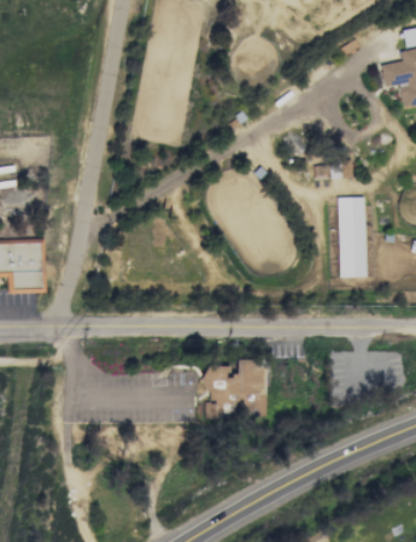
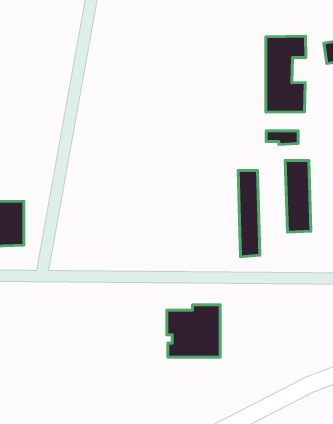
building: none -> [266,36,306,112]
building: none -> [238,170,260,257]

